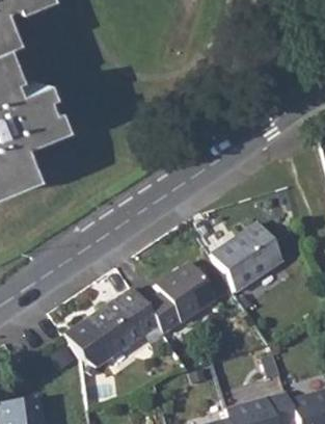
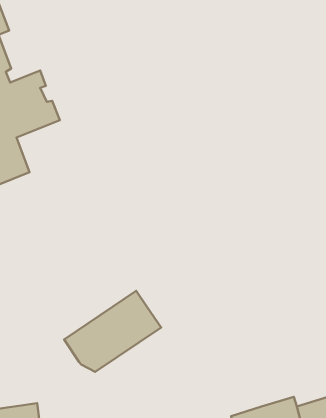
building: [212,226,283,292] -> none
building: [145,264,215,334] -> none

